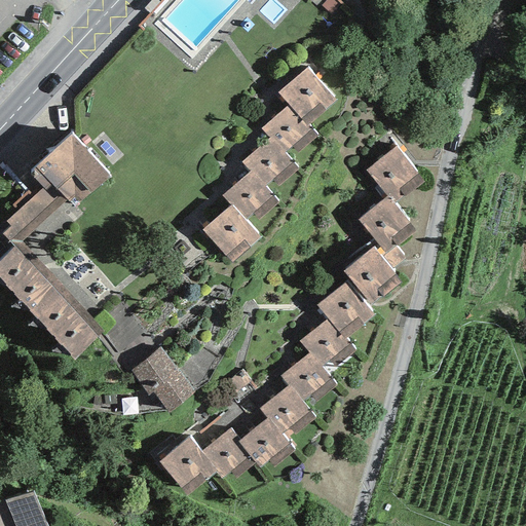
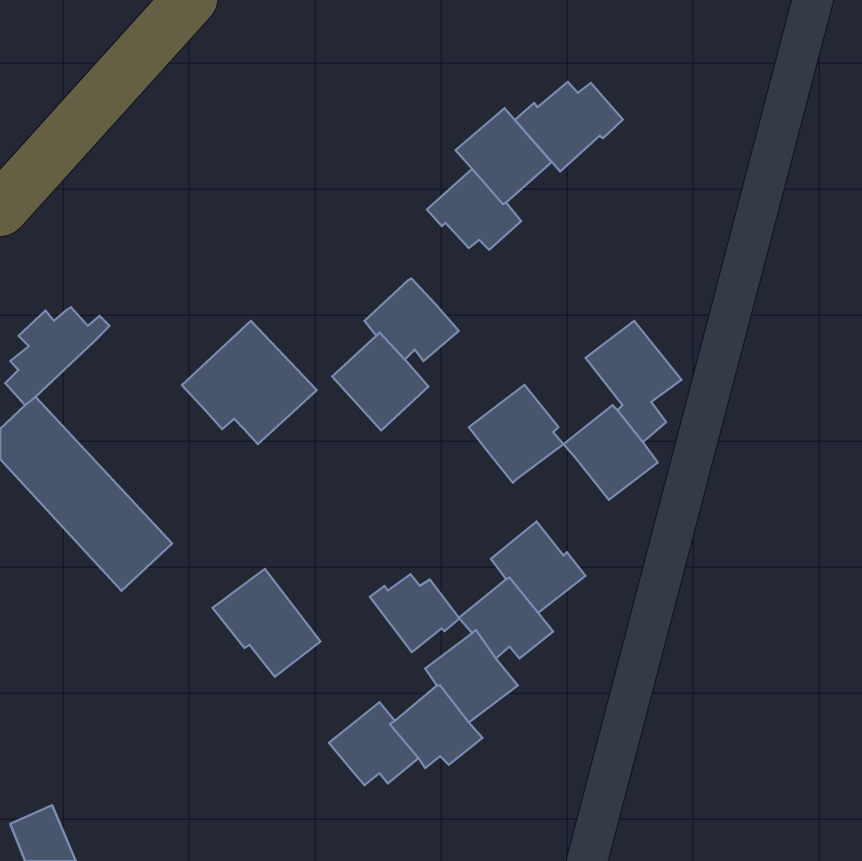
building: none -> [515,82,623,172]
building: [29,133,111,208] -> [182,321,317,444]
building: [241,136,299,185] -> none
building: [366,145,423,204] -> none
building: [316,278,374,338] -> [469,385,563,483]
building: none -> [370,574,459,652]
building: [159,437,216,495] -> none

